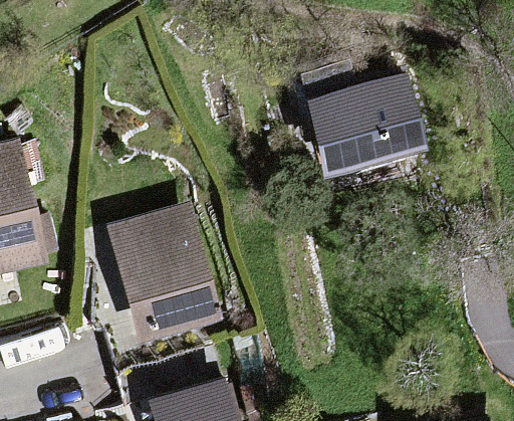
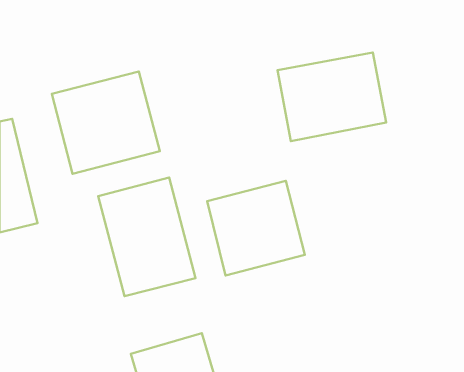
building: none -> [52,72,160,174]
building: none -> [207,181,305,276]

